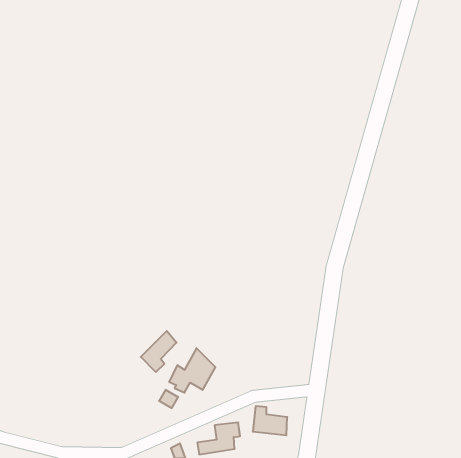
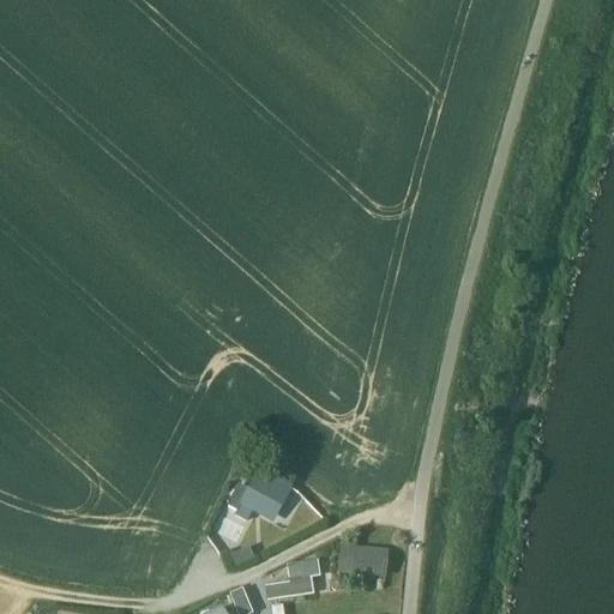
building: [141,331,177,372] -> none

